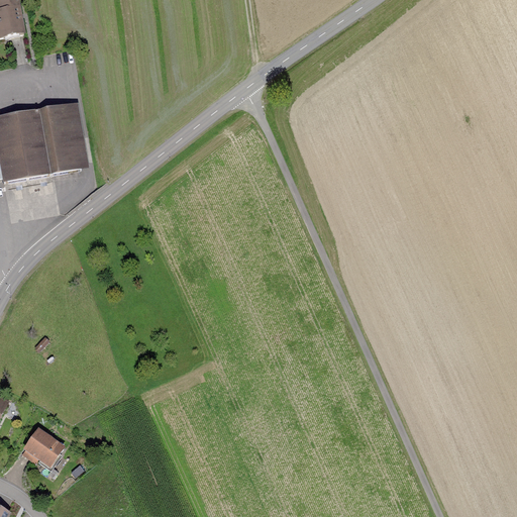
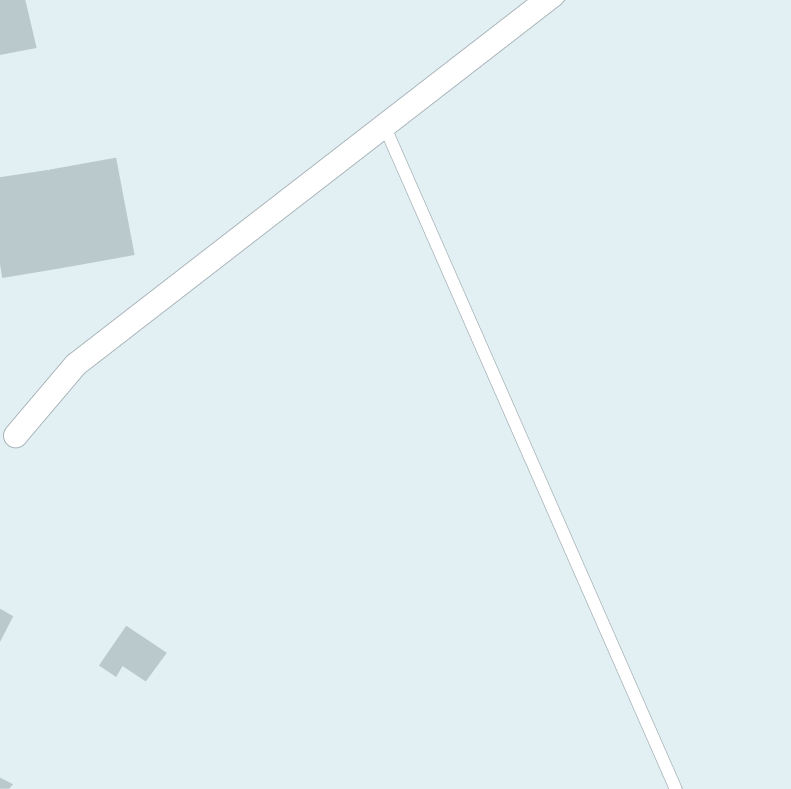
building: [18,428,64,466] -> [98,625,168,683]

